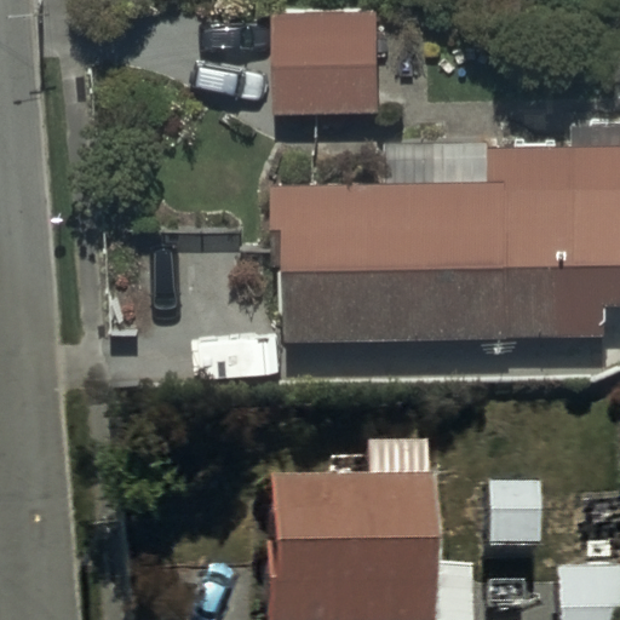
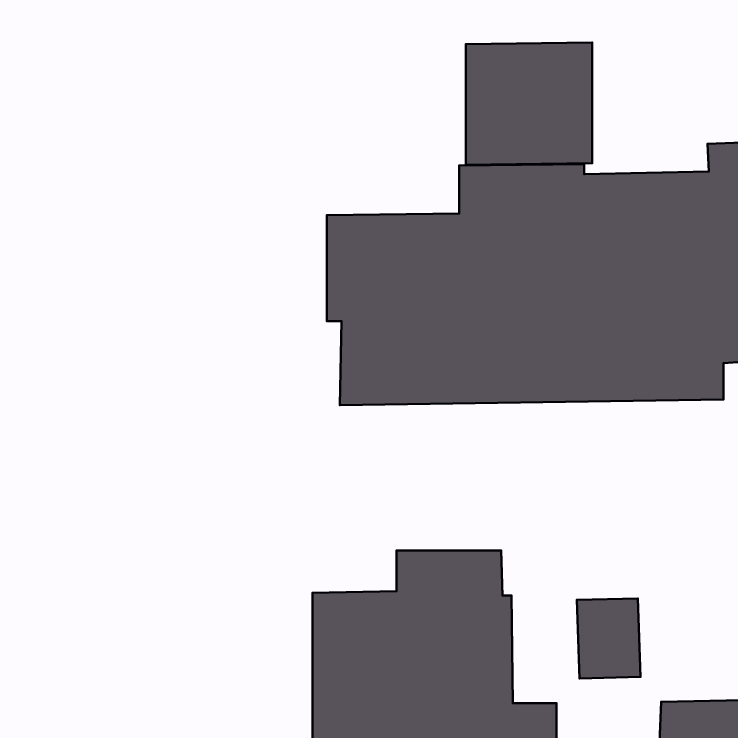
building: [277,12,383,114] -> [466,43,592,165]

